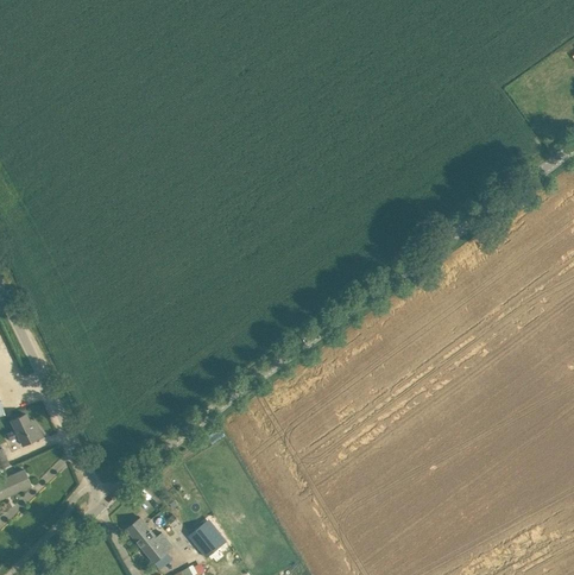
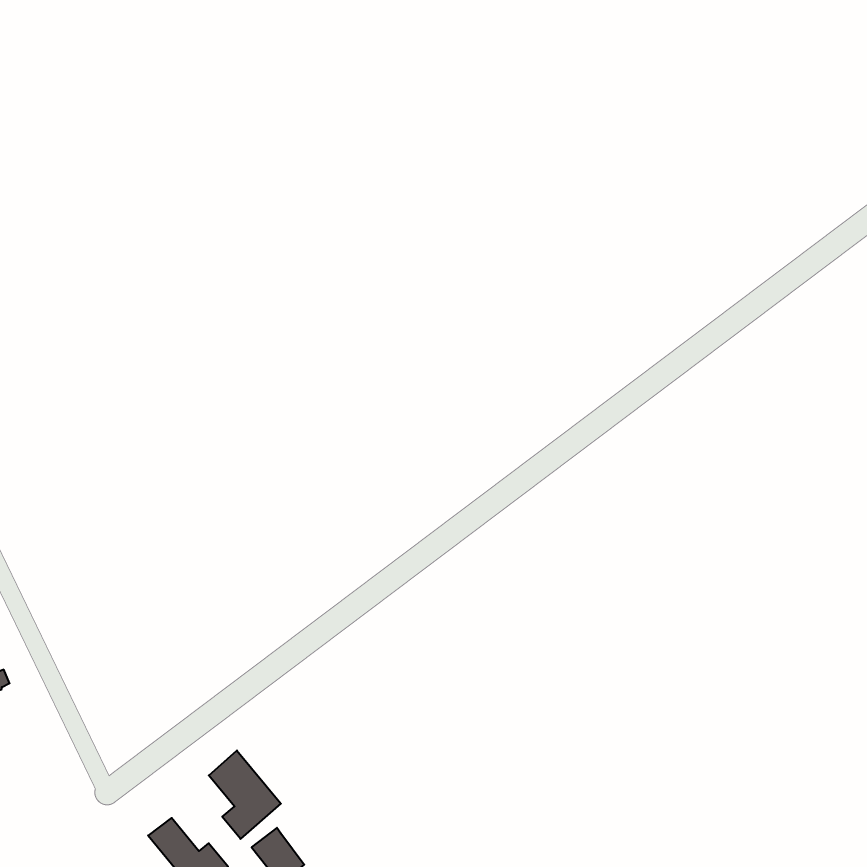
building: none -> [209,750,281,839]

